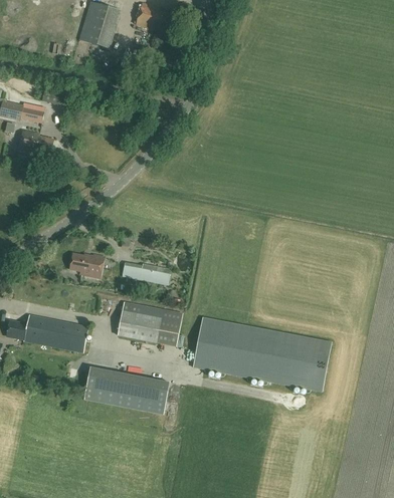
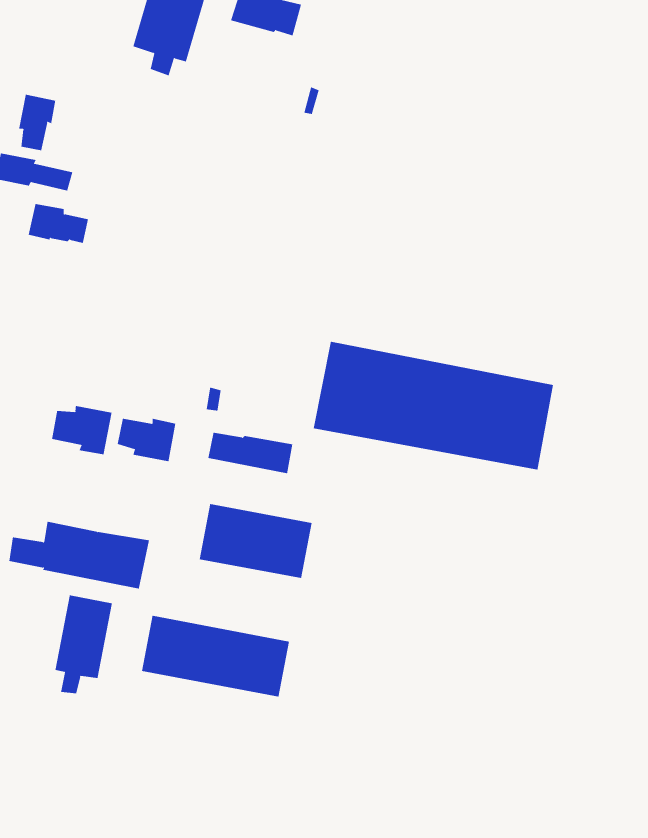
building: none -> [18,94,56,151]
building: none -> [51,405,112,455]
building: [192,316,331,391] -> [313,341,554,470]
building: none -> [55,595,113,694]

